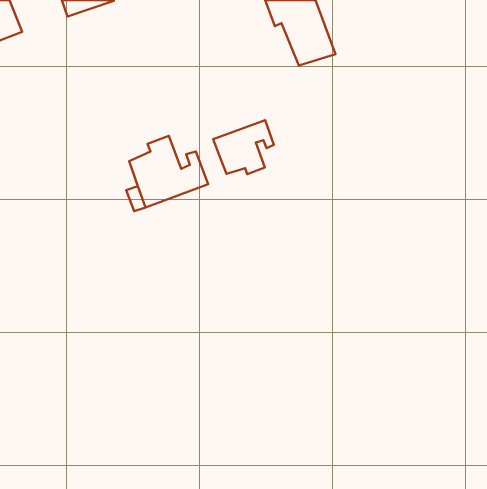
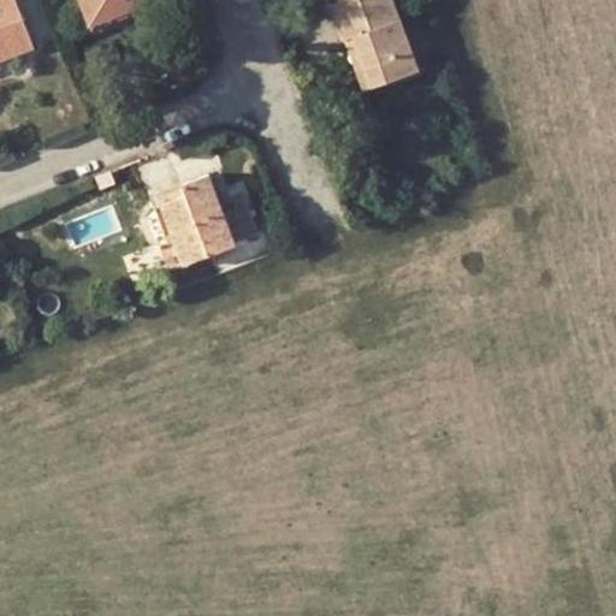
building: [213,120,274,174] -> none

